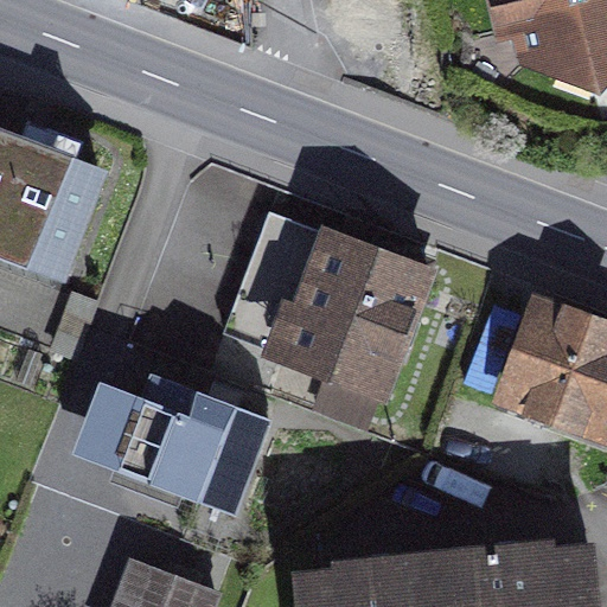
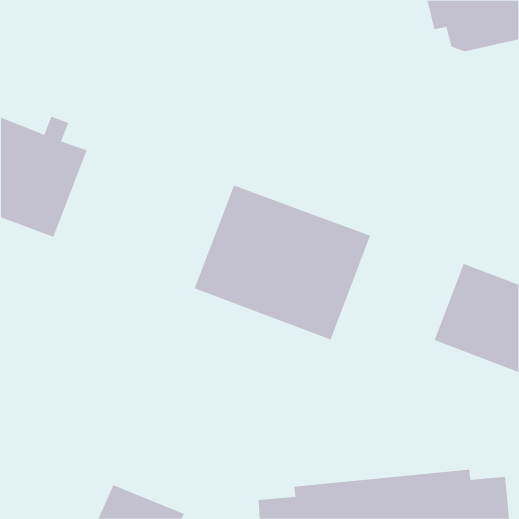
building: [74,376,273,518] -> none

